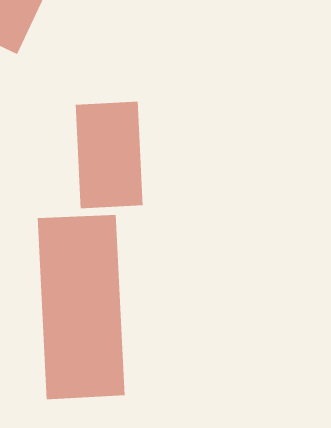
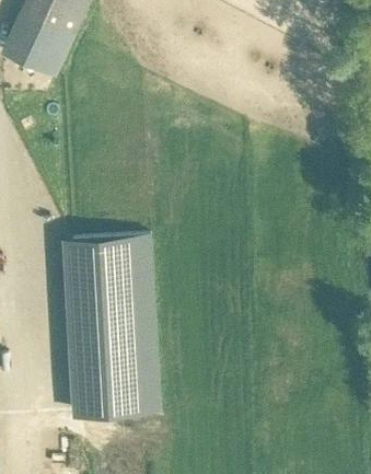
building: [75,101,143,209] -> none

